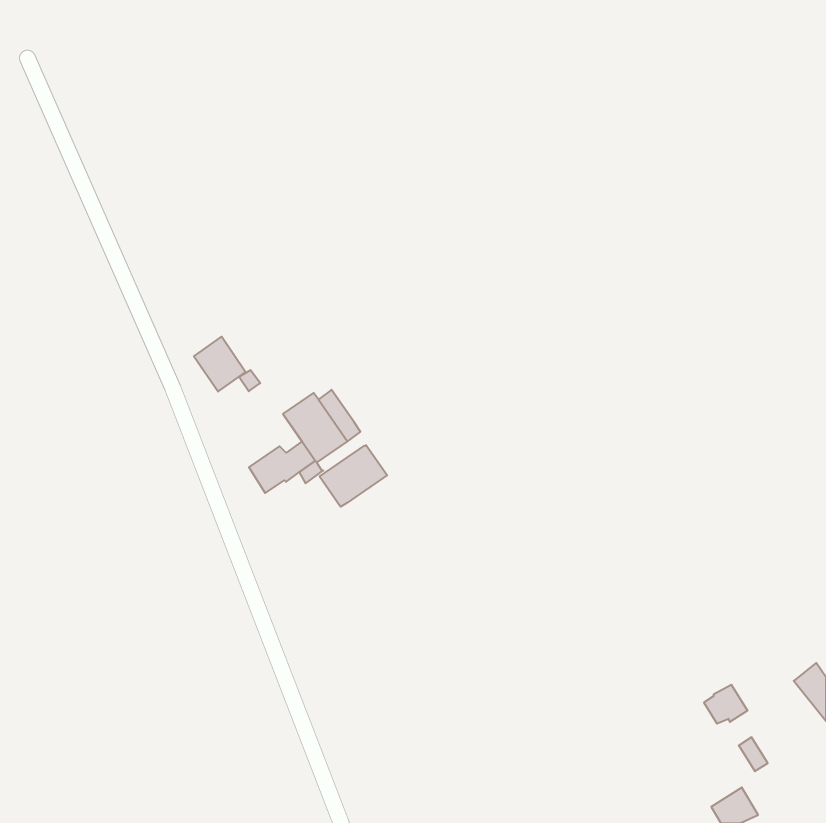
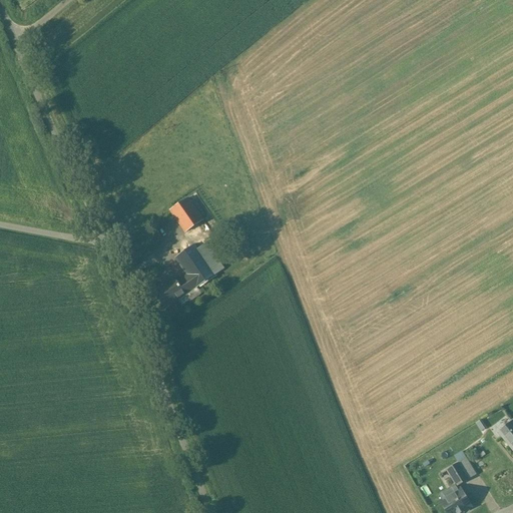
building: [194,337,246,392] -> [170,196,202,230]
building: [320,445,387,507] -> none
building: [704,685,748,724] -> [441,462,468,486]

